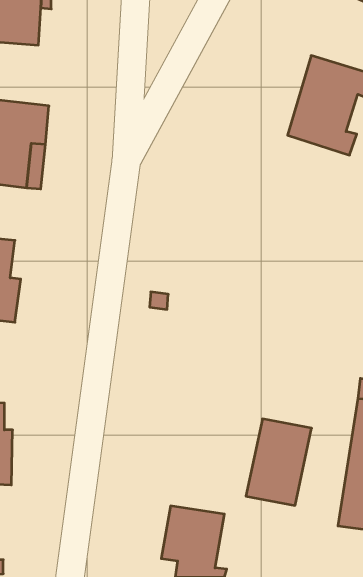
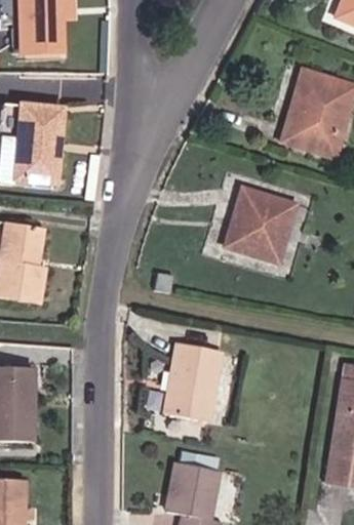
building: none -> [231,186,294,255]
building: [246,419,312,505] -> [165,342,223,418]

